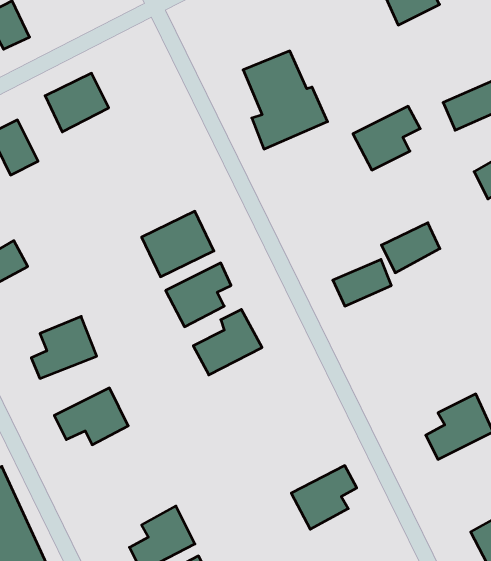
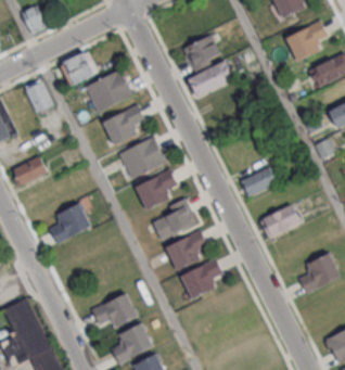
building: none -> [86,69,131,112]
building: [353,106,420,170] -> [285,21,328,61]
building: none -> [103,105,144,145]
building: [381,223,440,273] -> [263,204,299,235]
building: none -> [166,230,207,270]
building: [54,388,128,445] -> [91,292,138,328]
building: [291,466,357,529] -> [181,258,222,298]

